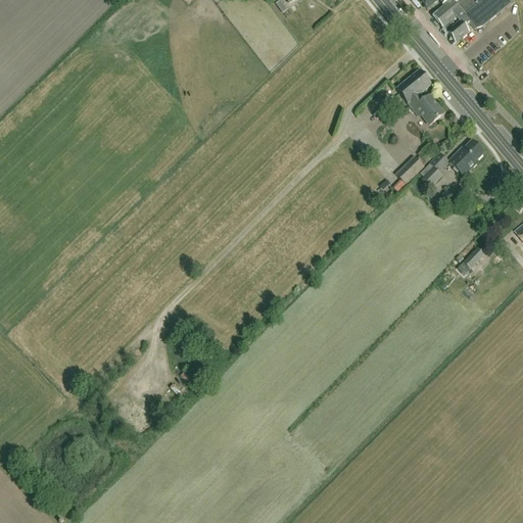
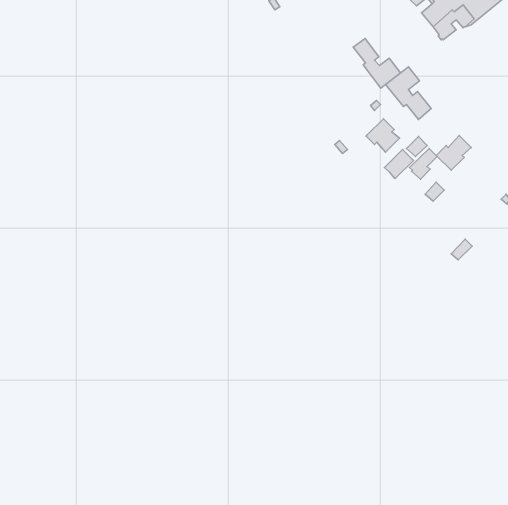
building: none -> [353,39,401,88]
building: none -> [366,119,400,152]

